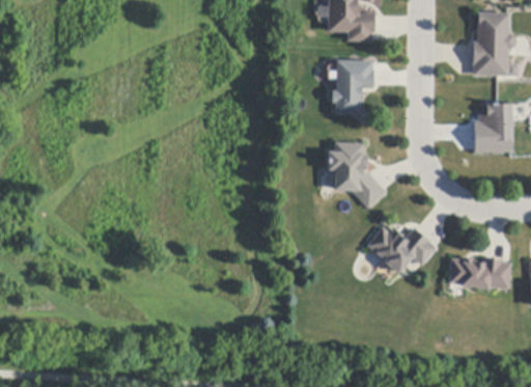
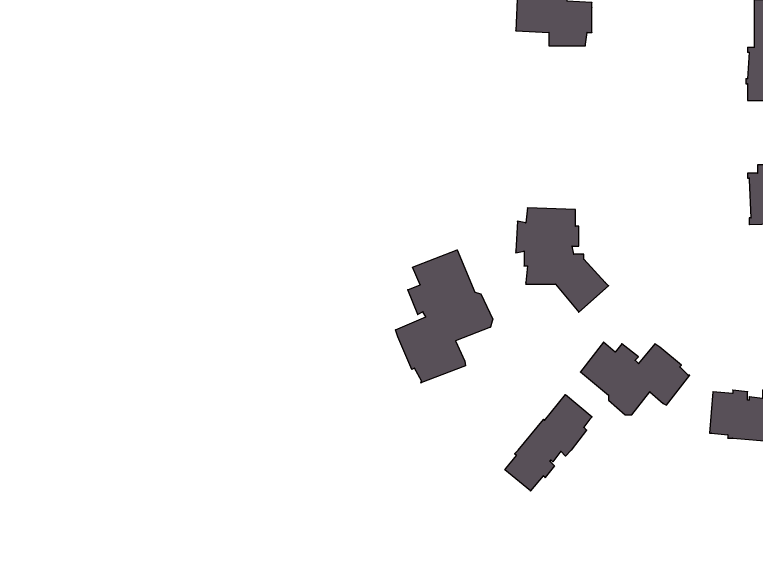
building: [332,60,373,113] -> none
building: none -> [396,250,493,383]
building: none -> [505,395,592,491]

